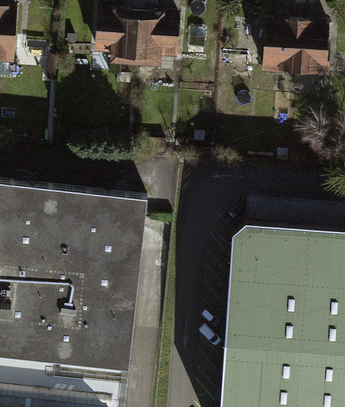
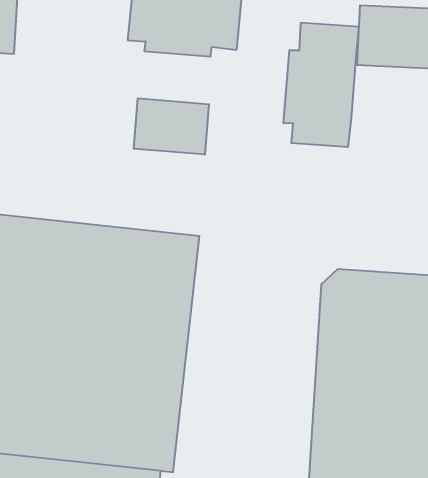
building: none -> [284,23,359,147]
building: none -> [134,98,209,155]

